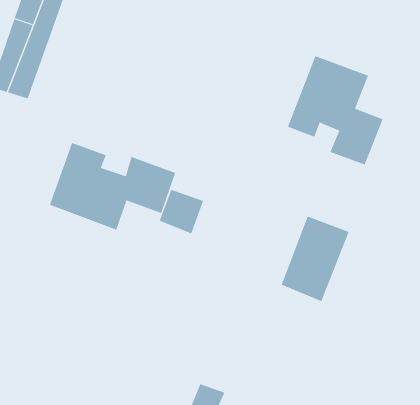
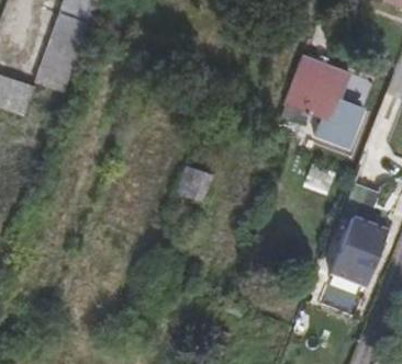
building: [49,142,176,231] -> none
building: [281,216,350,302] -> [330,218,387,289]

